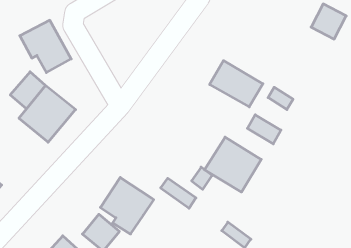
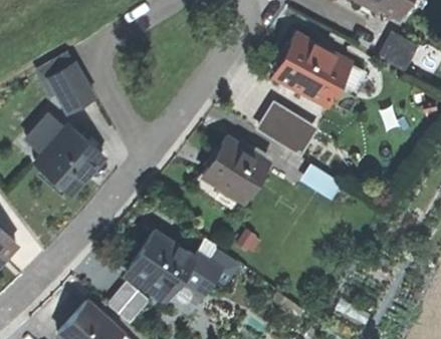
building: none -> [273,37,349,106]
building: [204,137,261,192] -> [202,140,268,205]
building: none -> [181,255,220,296]

